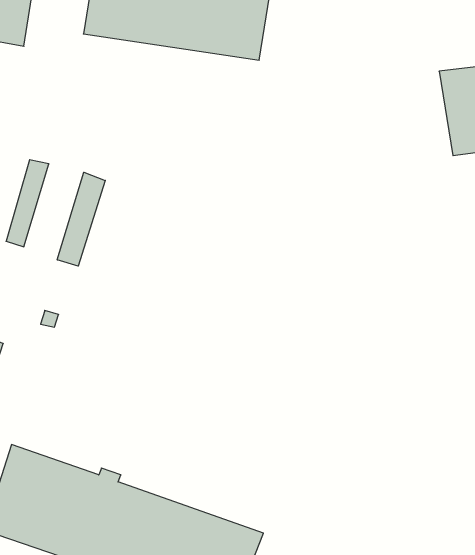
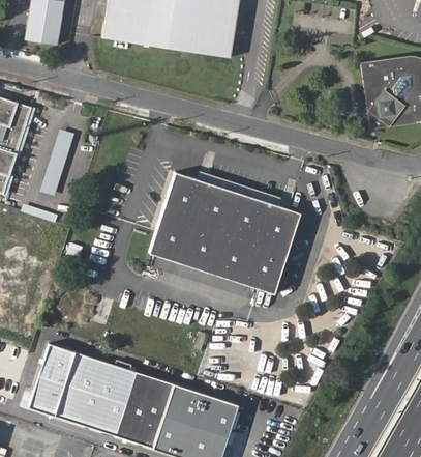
building: [57,172,105,266] -> none
building: none -> [147,173,300,294]

